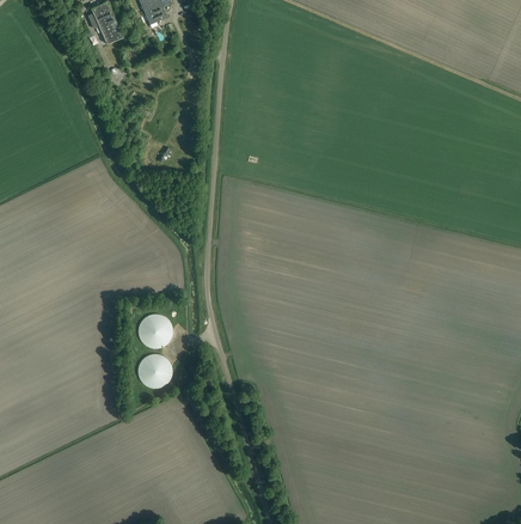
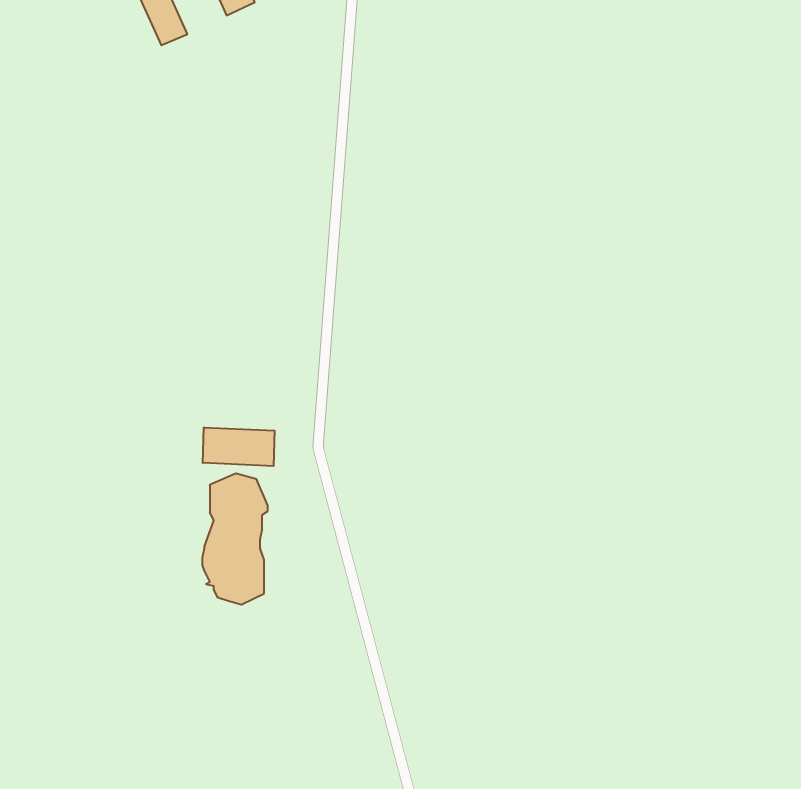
building: none -> [203,427,275,466]

